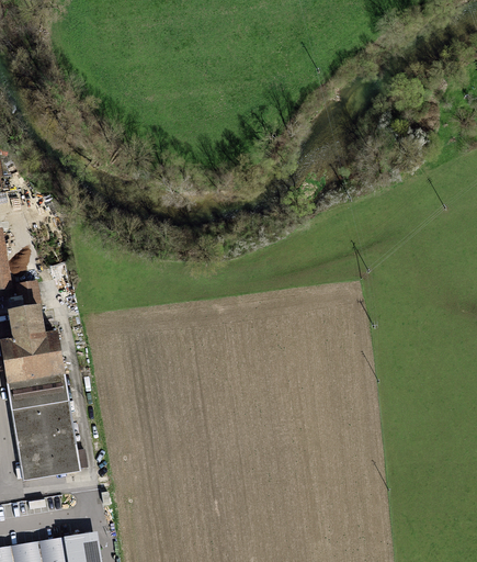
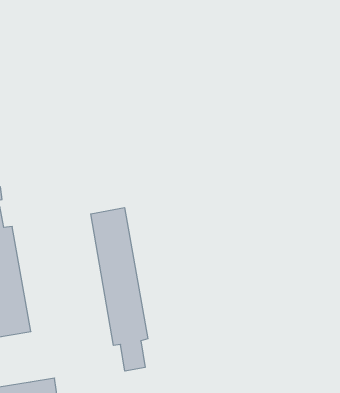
building: none -> [91,208,148,371]

